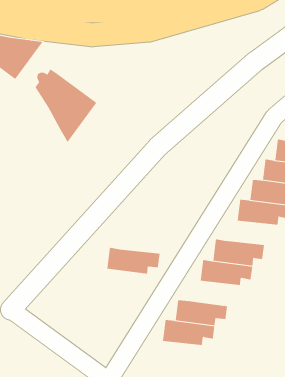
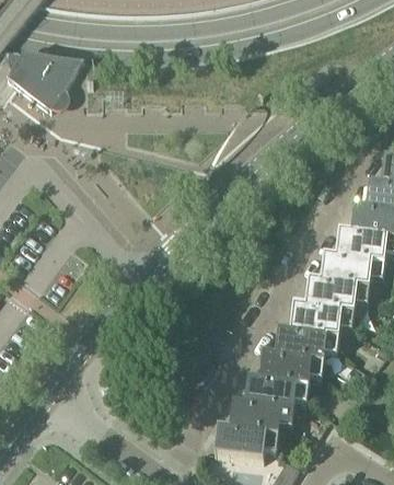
building: [35,69,97,143] -> none
building: none -> [306,276,371,308]
building: [106,247,160,274] -> [259,349,325,382]
building: none -> [215,423,279,457]

